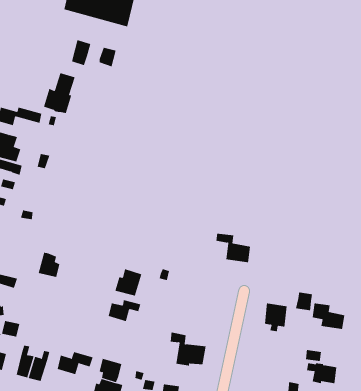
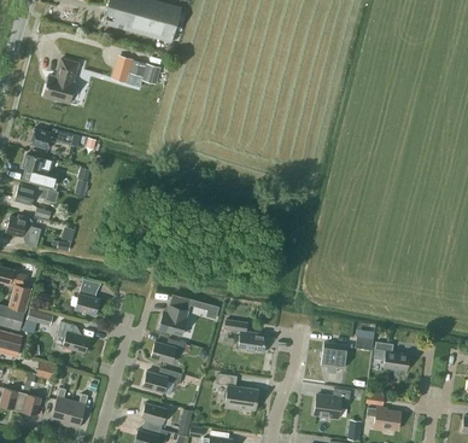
building: [43,73,75,114] -> [43,58,78,103]
building: [215,233,251,263] -> [227,320,265,352]
building: none -> [57,321,88,352]
building: none -> [314,389,350,418]
building: [57,352,93,375] -> [142,367,182,392]

